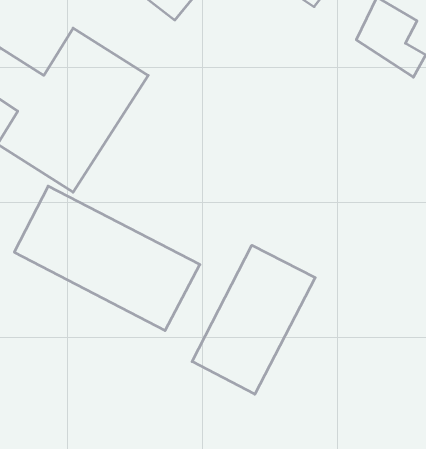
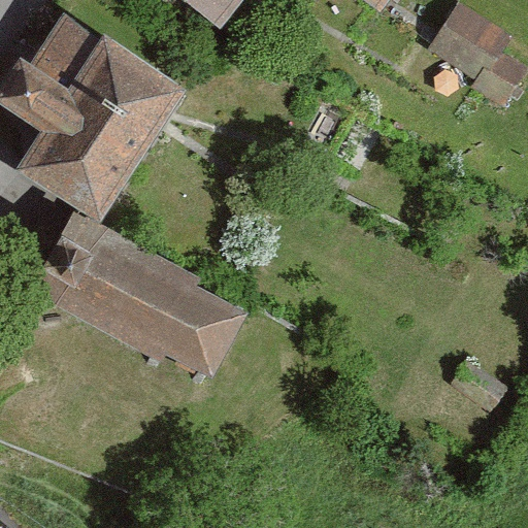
building: [192,245,315,394] -> none

